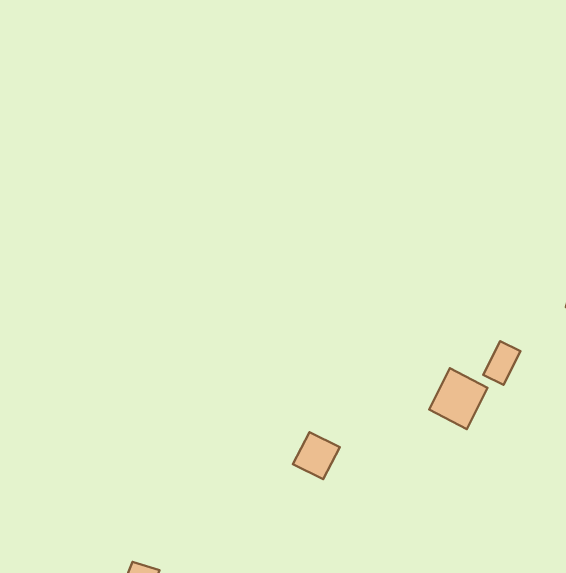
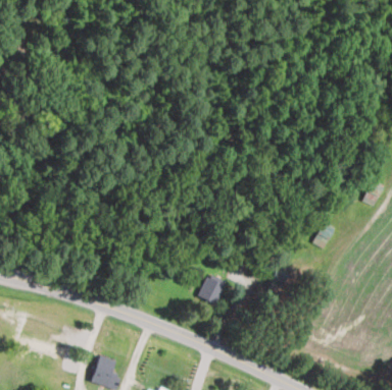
building: [429,368,487,429] -> none

